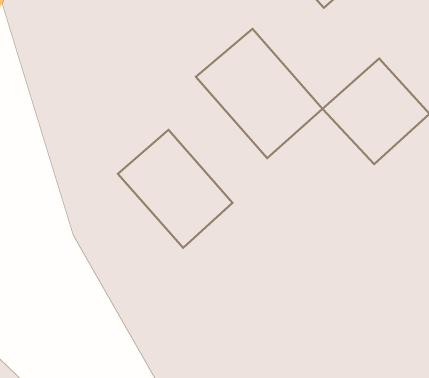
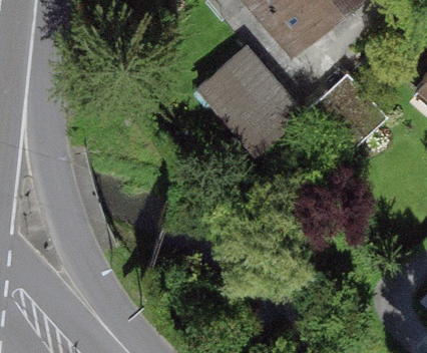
building: [118,130,233,248] -> none

